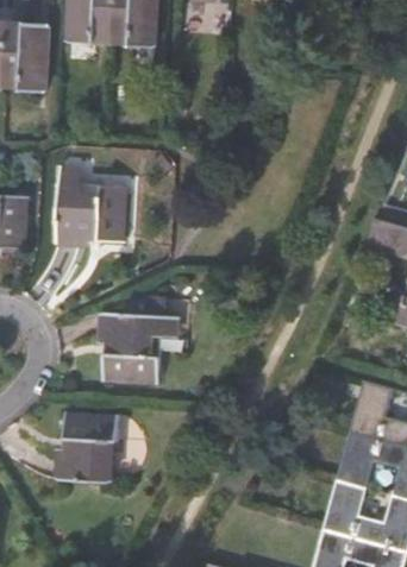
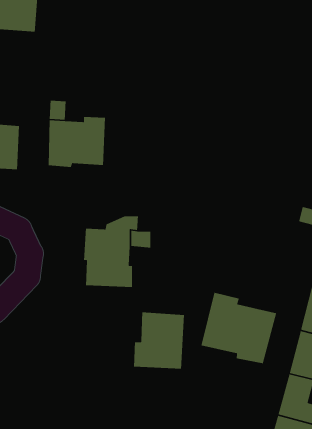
building: none -> [200,292,277,364]
building: [57,414,117,480] -> [133,311,185,369]

